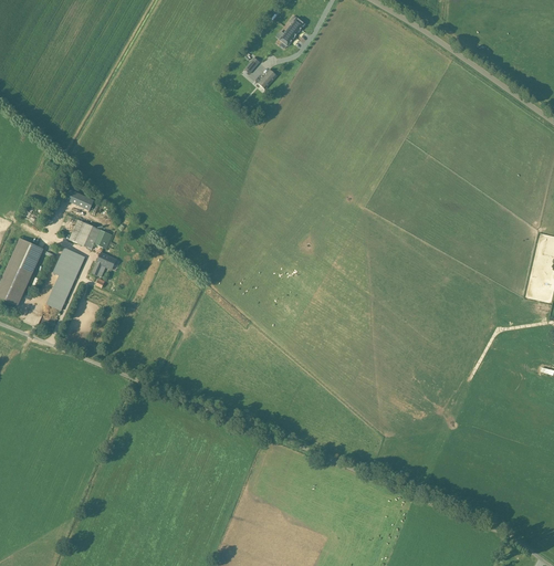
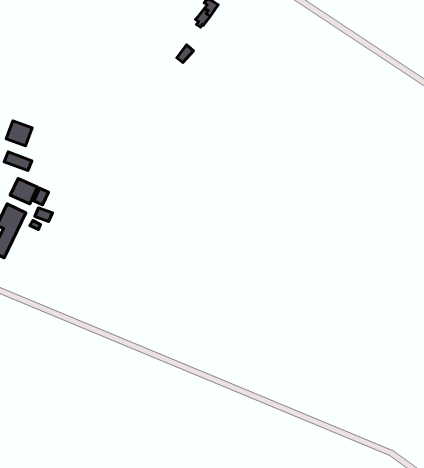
building: none -> [6,121,32,146]

